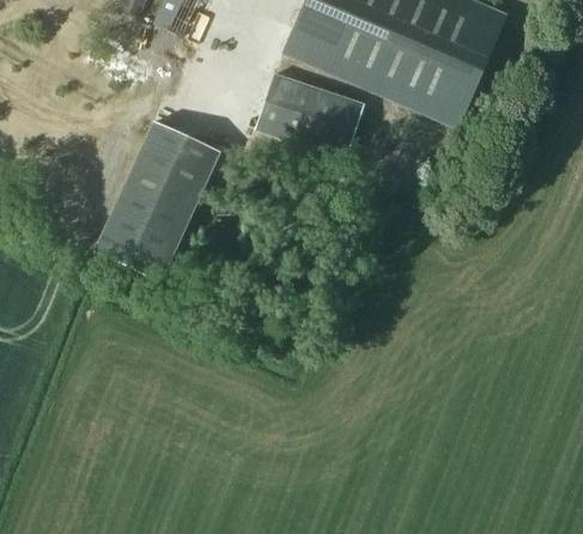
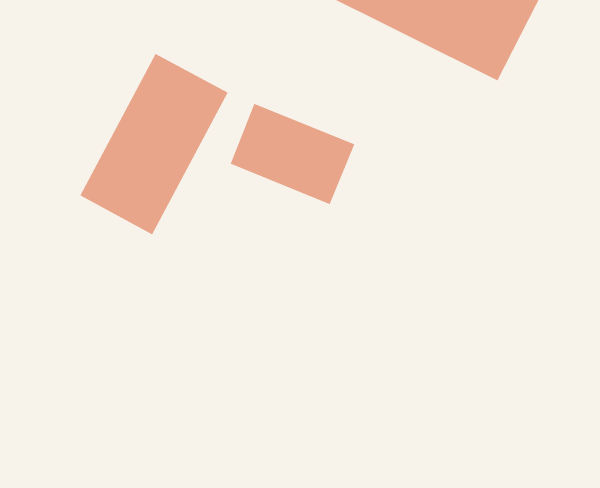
building: [255,73,365,159] -> [230,103,355,205]

